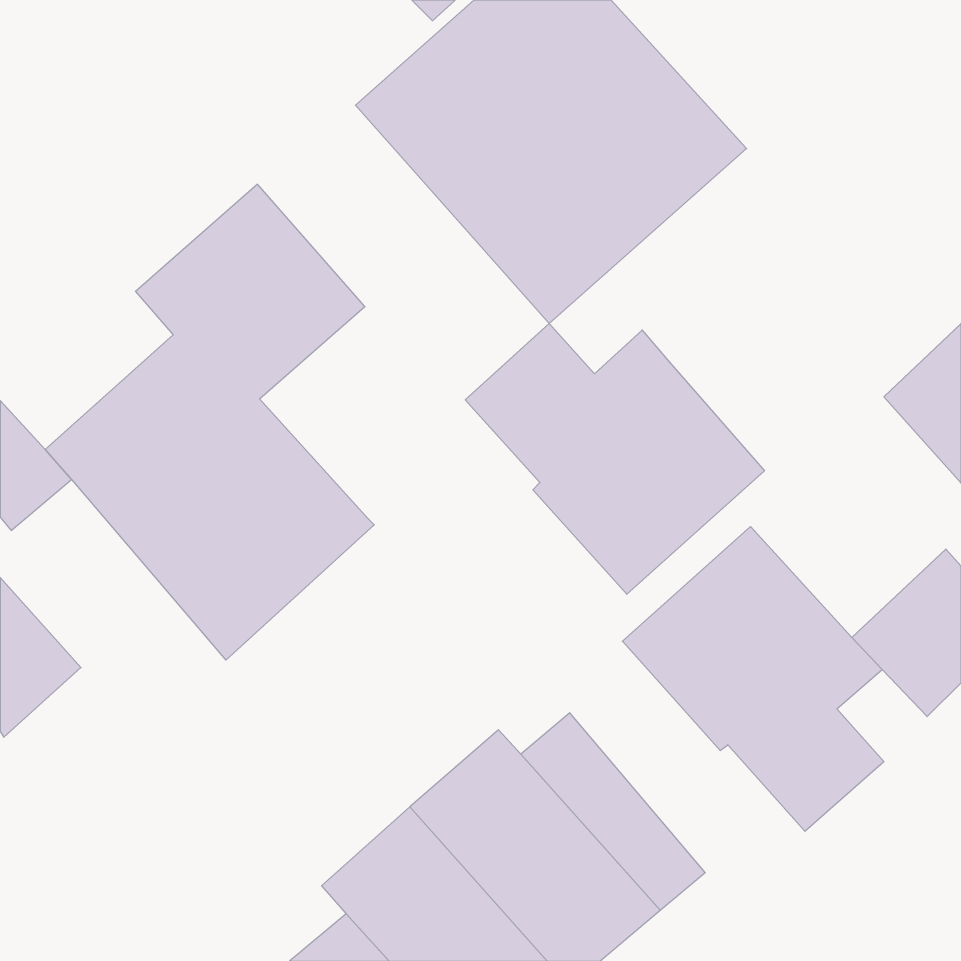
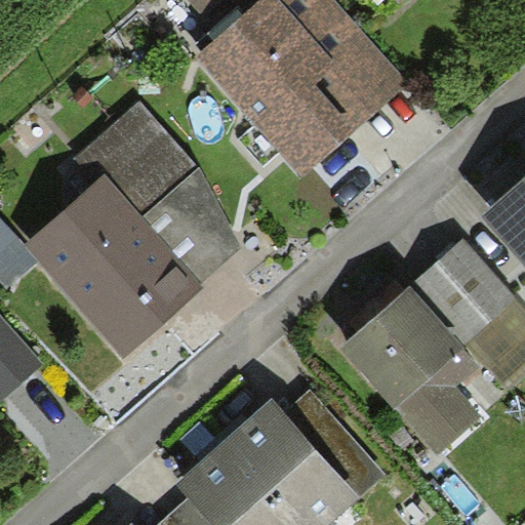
building: none -> [142,167,242,283]
building: [465,323,765,594] -> none
building: none -> [409,239,516,348]

